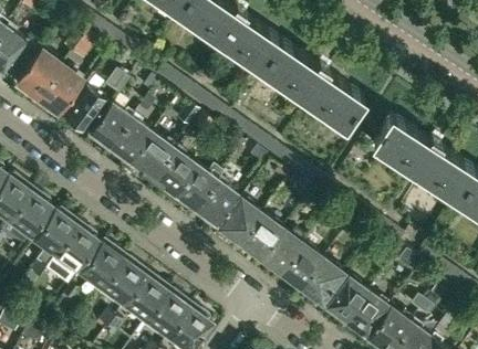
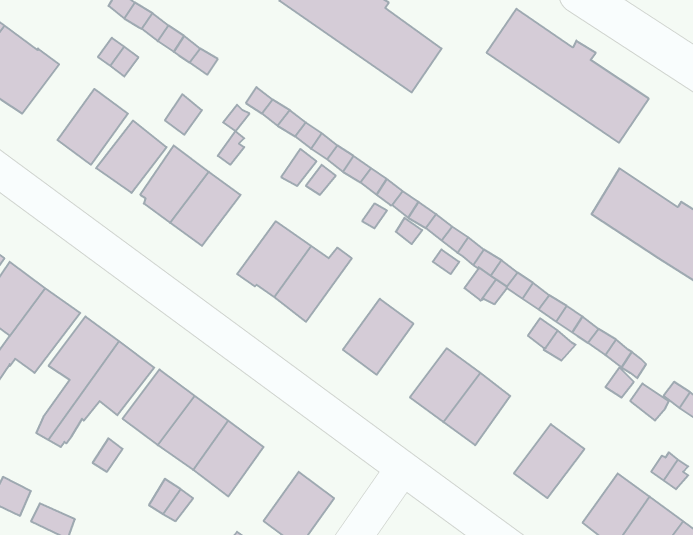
building: [260,40,362,124] -> [487,9,649,143]
building: [15,49,61,97] -> none
building: [128,131,175,181] -> none
building: [194,171,238,223] -> none
building: [238,212,282,258] -> none
building: [300,257,344,304] -> none
building: [145,289,189,336] -> none
building: [345,290,389,337] -> none

